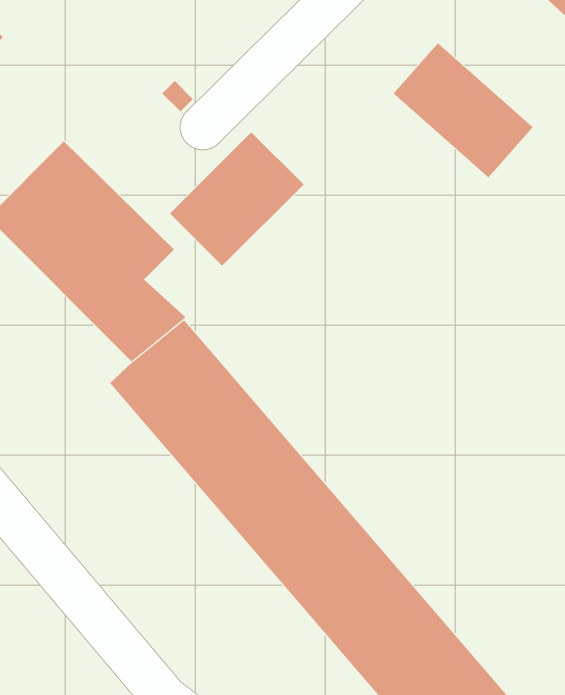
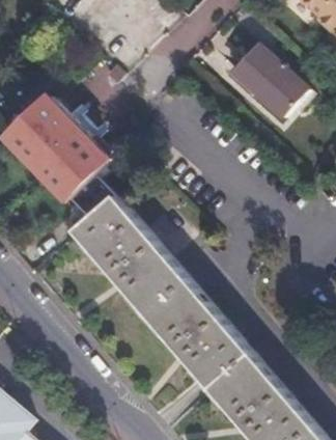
building: [169,131,304,267] -> none

